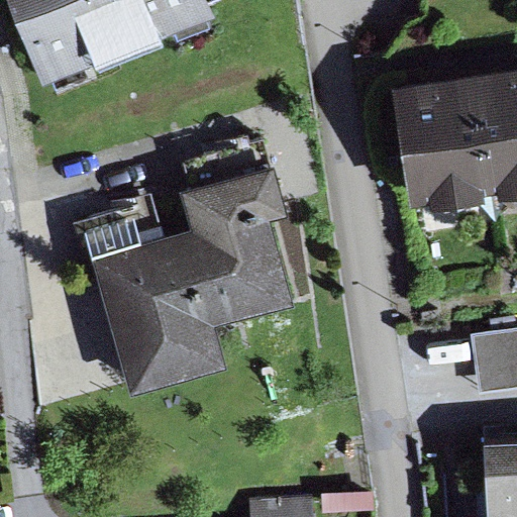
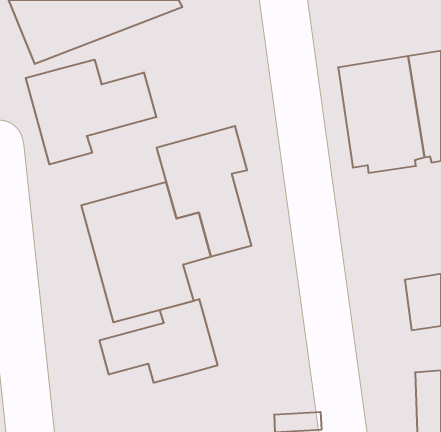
building: none -> [26,60,156,164]
building: none -> [100,299,217,383]

